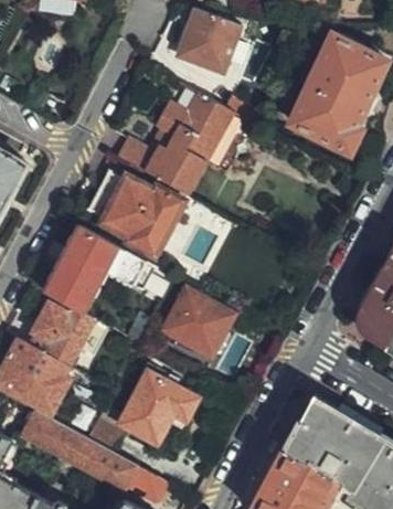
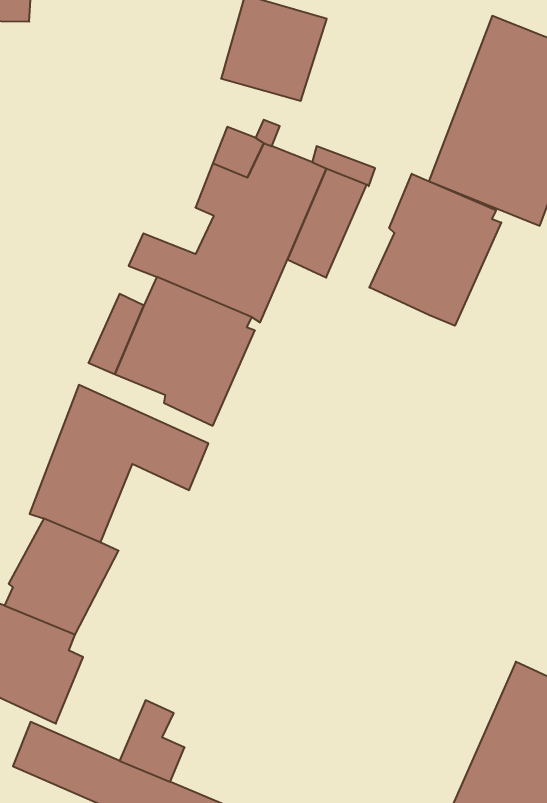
building: none -> [369,174,501,326]
building: [160,289,230,358] -> none
building: [116,372,197,446] -> none

